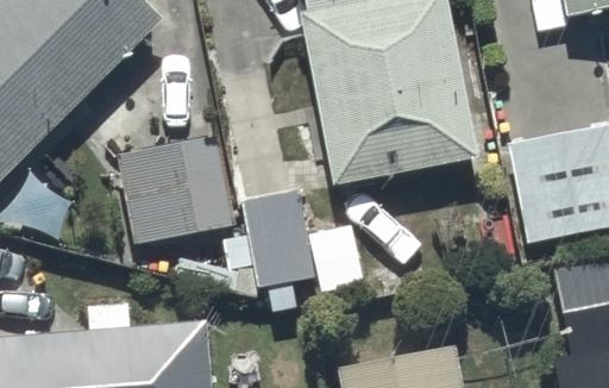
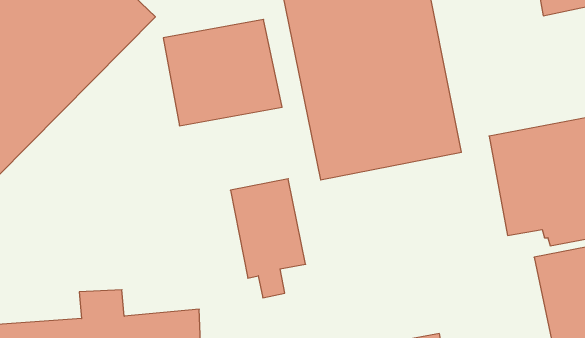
building: [115,134,238,244] -> [163,19,282,126]

